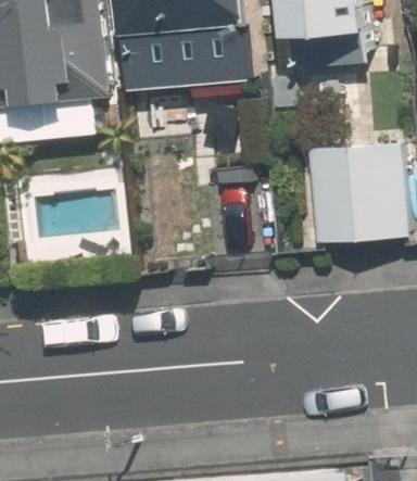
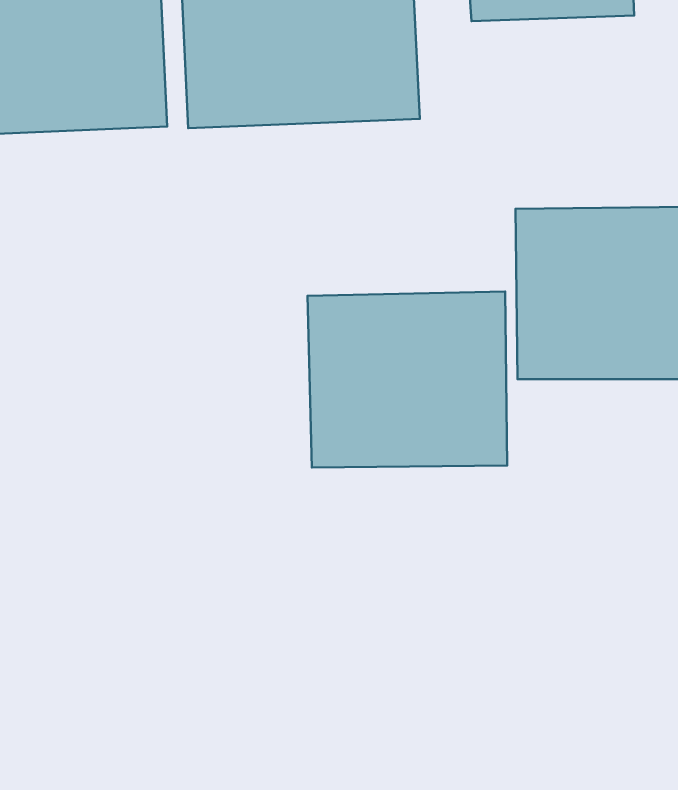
building: none -> [308,292,507,468]

